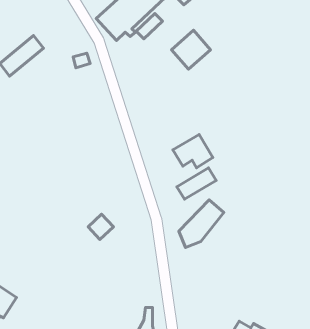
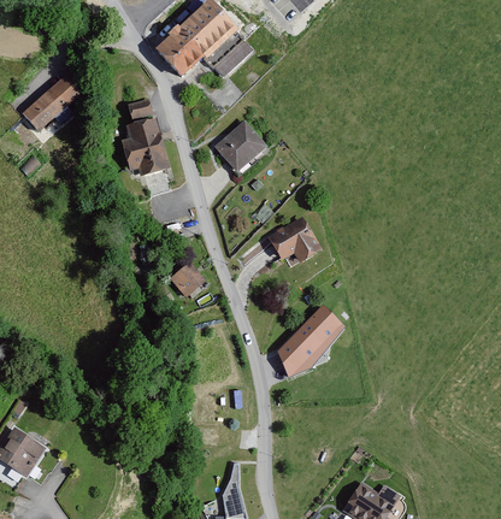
building: [171,30,211,69] -> [213,120,269,176]
building: none -> [118,117,169,179]
building: [177,168,216,199] -> none
building: [88,214,114,240] -> [169,261,205,297]

